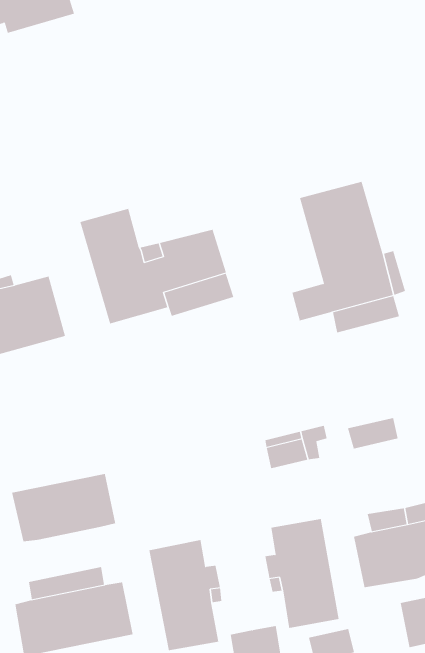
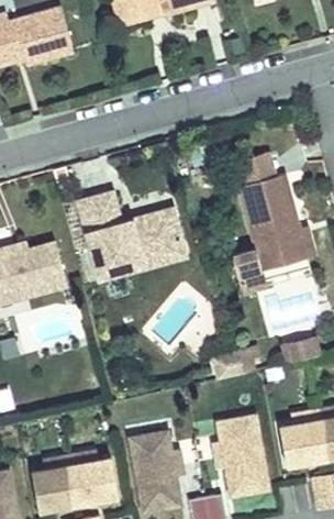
building: [12,473,116,542] -> none

